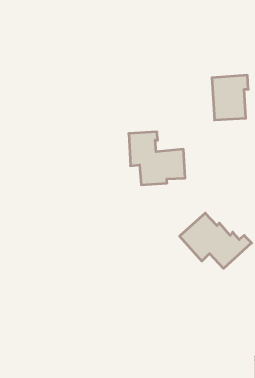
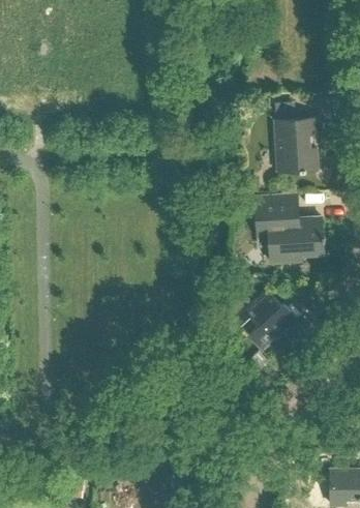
building: [129,132,185,185] -> [253,196,324,262]

